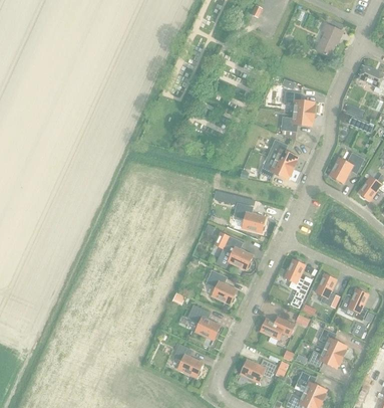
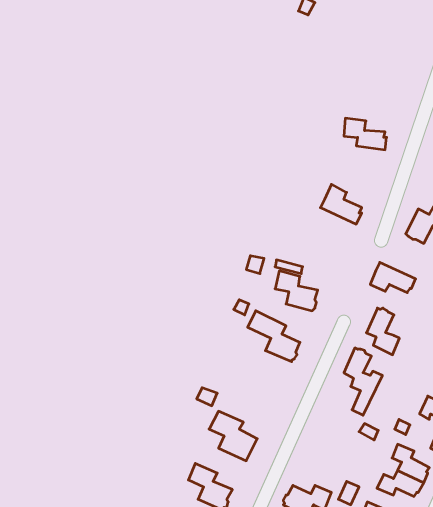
building: [316,22,344,55] -> none
building: [282,111,315,140] -> none
building: [261,156,294,178] -> [370,262,416,293]
building: [207,269,237,303] -> none
building: [316,273,340,308] -> [366,308,399,355]
building: [261,316,295,344] -> none

